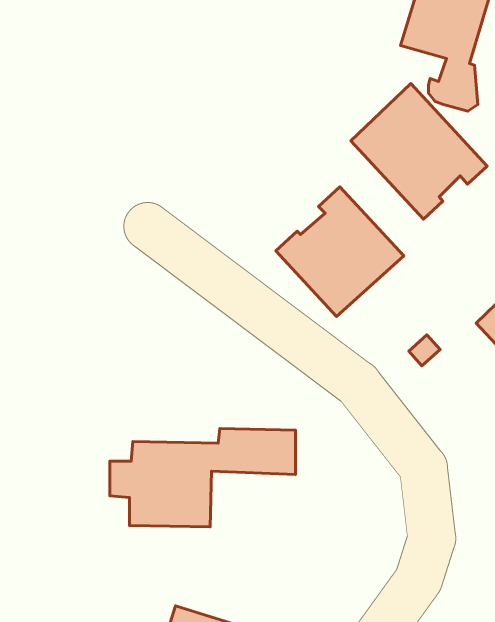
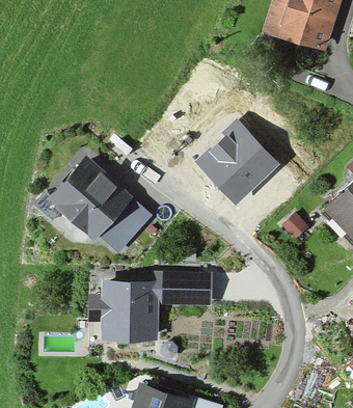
building: [351,83,487,219] -> none
building: none -> [51,155,145,248]

